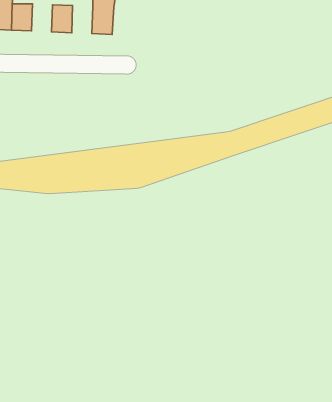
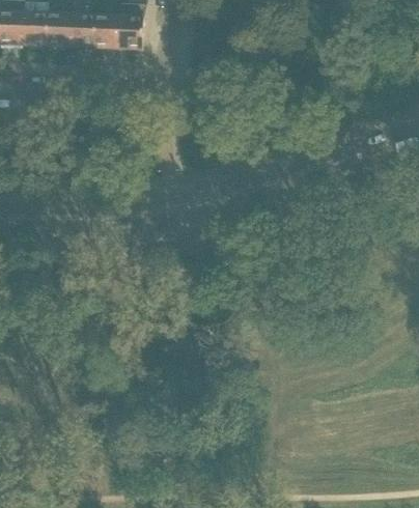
building: none -> [43,9,67,43]
building: none -> [90,11,115,45]

